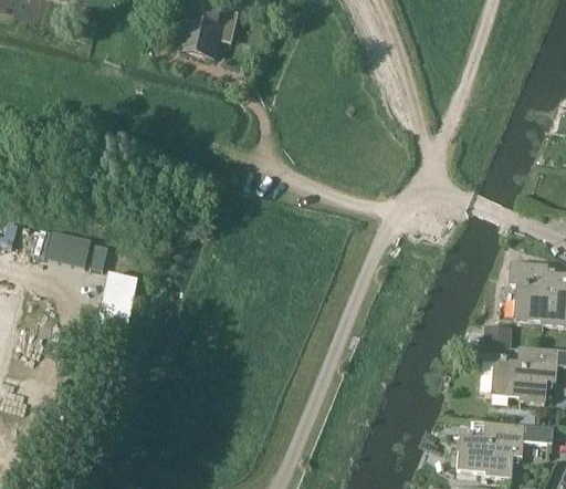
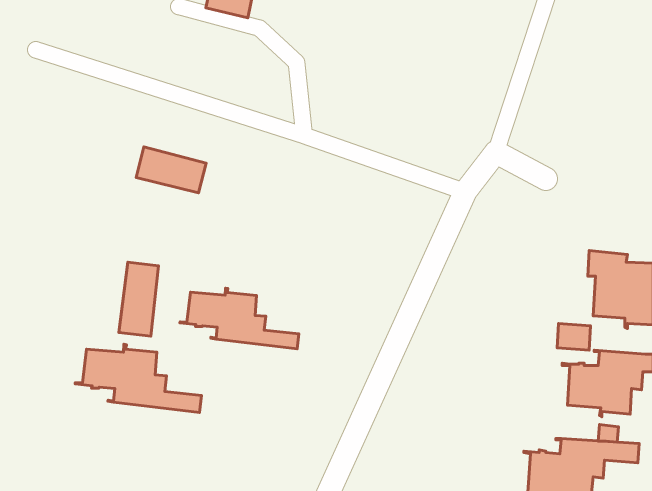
building: [51,228,112,268] -> [136,147,206,193]
building: none -> [180,288,299,349]
building: none -> [75,344,202,412]

